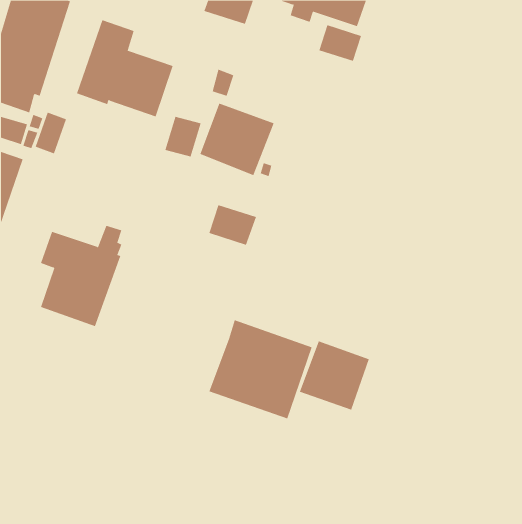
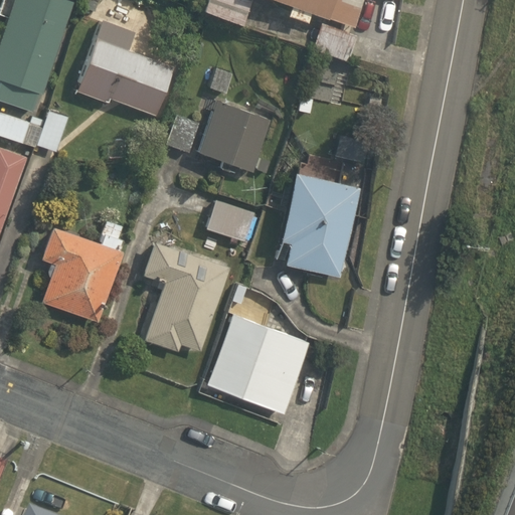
building: none -> [279,173,361,277]
building: none -> [142,242,228,352]
building: [299,340,369,411] -> none

